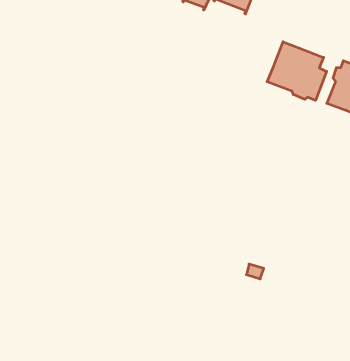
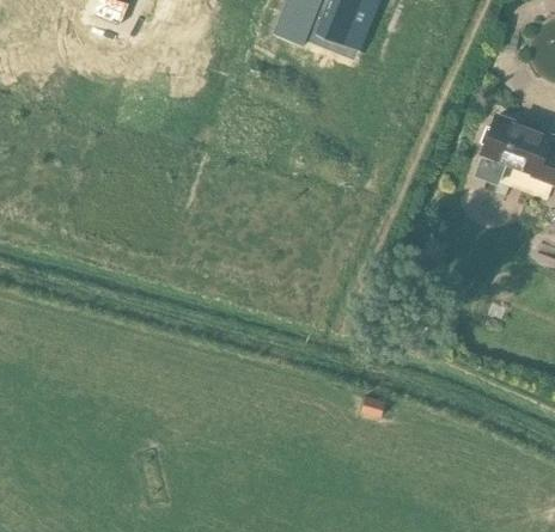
building: [267,42,327,100] -> none

